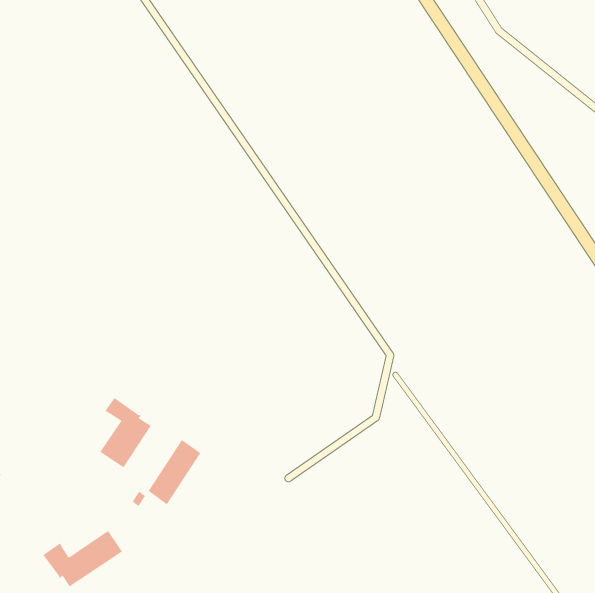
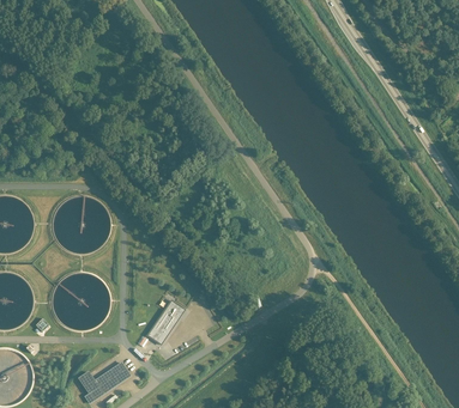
building: [100,397,151,468] -> none

